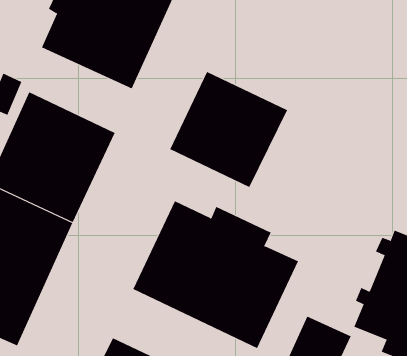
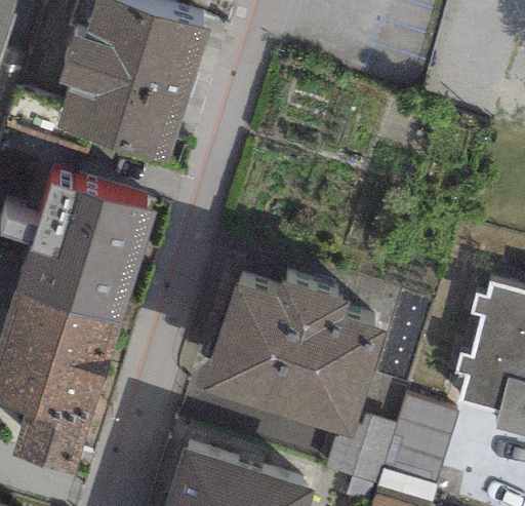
building: [170,71,288,188] -> none

